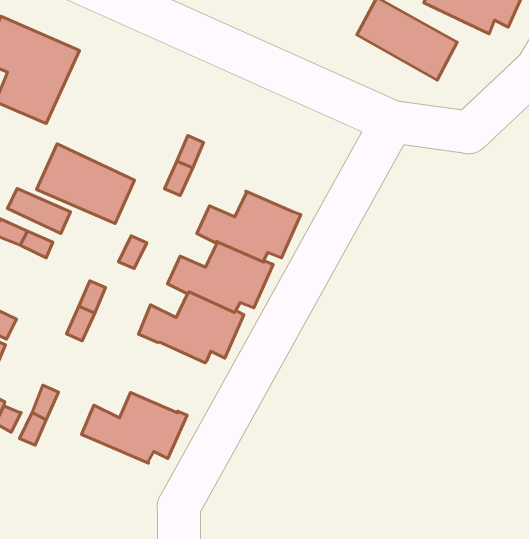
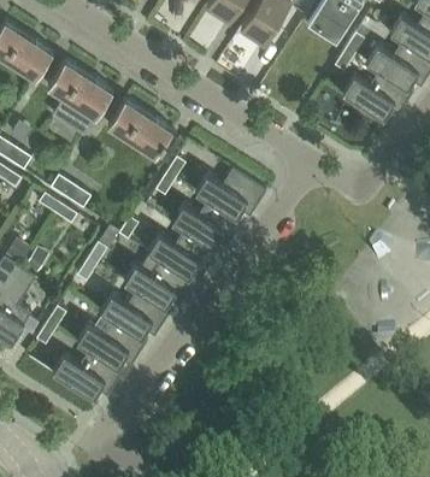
building: none -> [195,169,266,217]
building: [36,144,134,224] -> [107,99,172,157]
building: none -> [100,289,171,337]
building: none -> [26,349,124,398]

